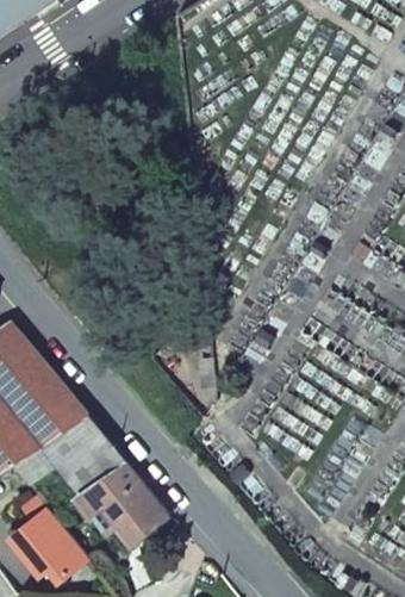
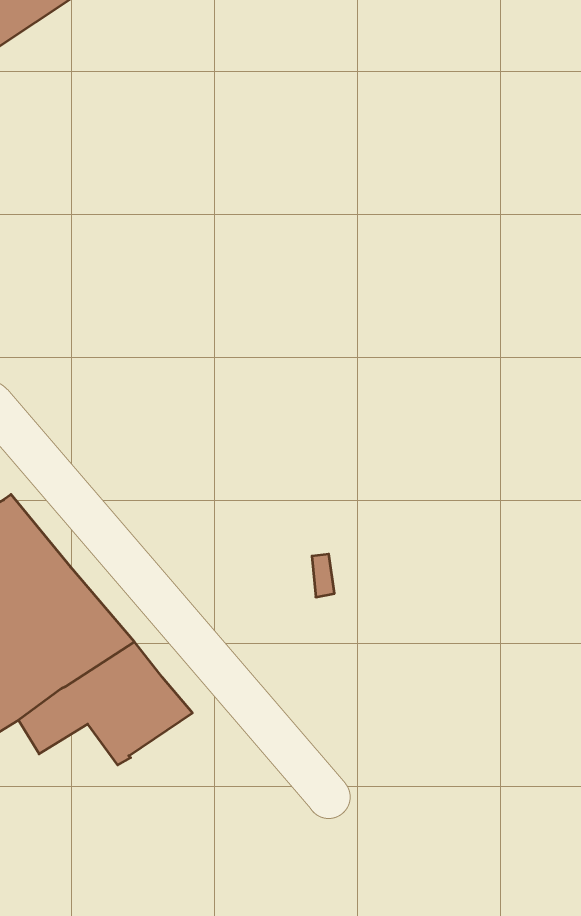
building: [71,459,167,549] -> none
building: [10,510,87,580] -> none

